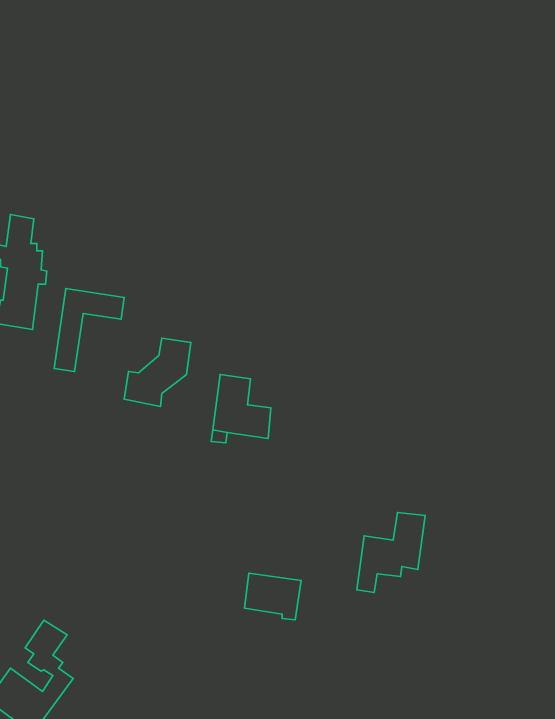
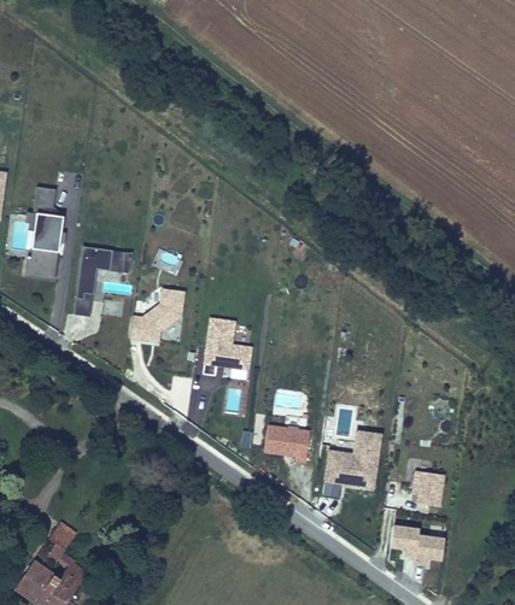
building: none -> [411,470,445,506]
building: [244,573,301,620] -> [264,423,311,462]
building: none -> [390,523,444,558]

